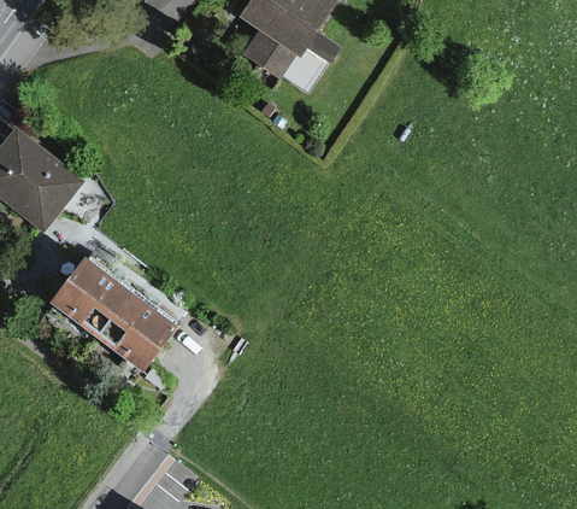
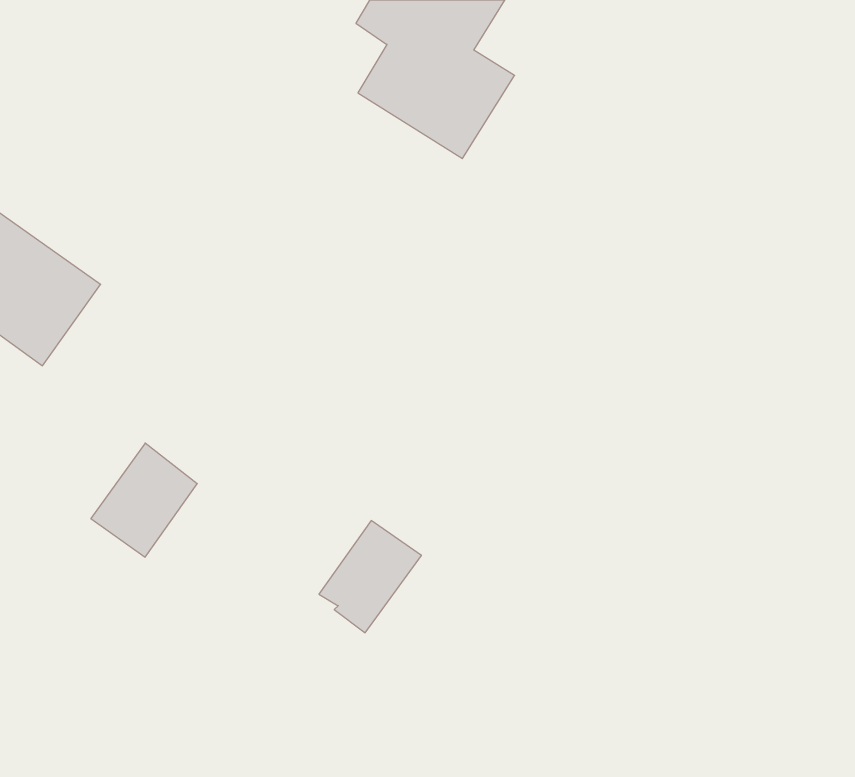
building: [46,253,111,323] -> none
building: [111,302,175,371] -> [319,521,421,633]

